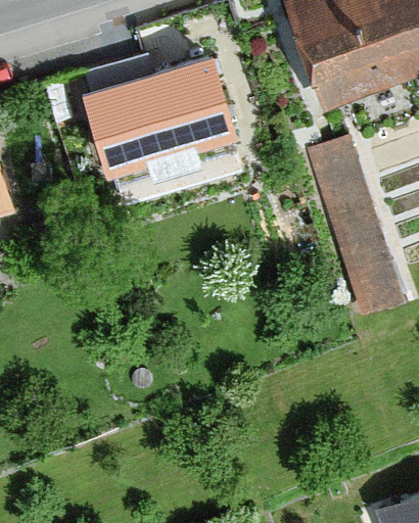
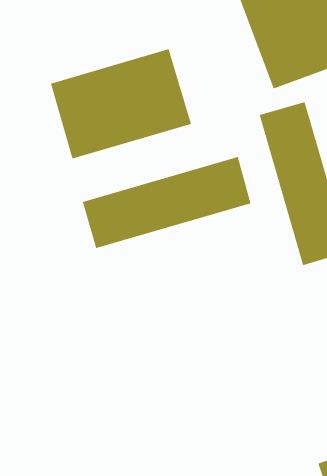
building: none -> [82,156,251,249]

